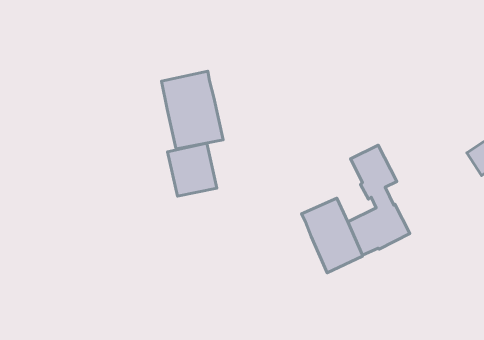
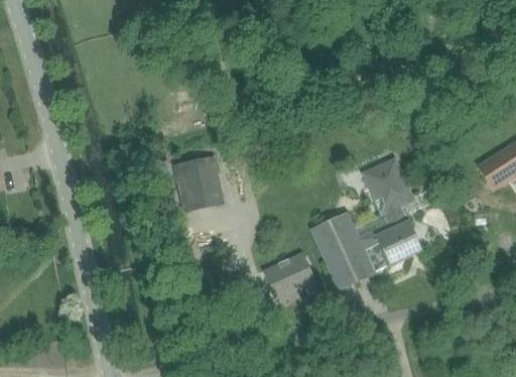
building: [162,71,223,149] -> none
building: none -> [268,252,317,298]

